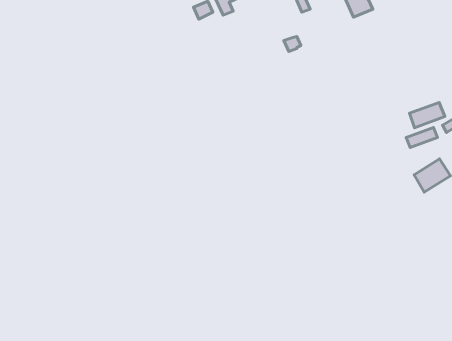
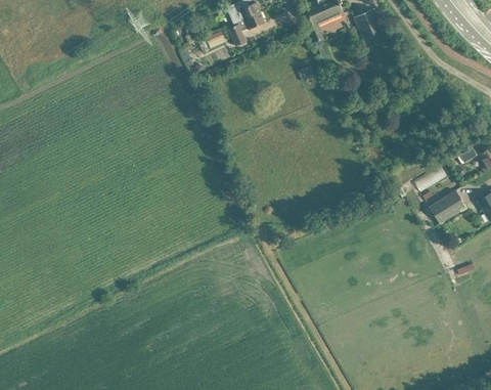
building: [410,103,445,128] -> none

